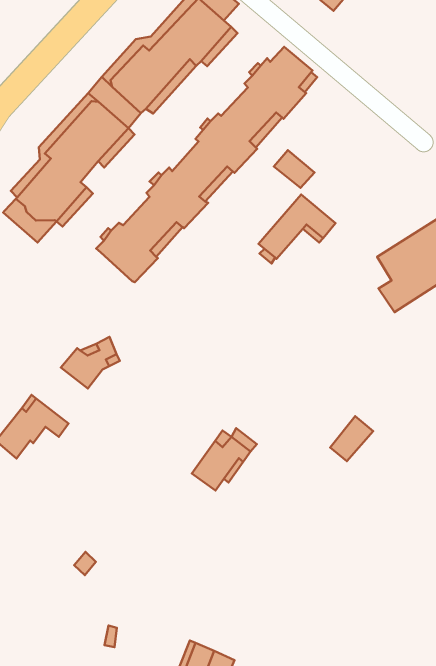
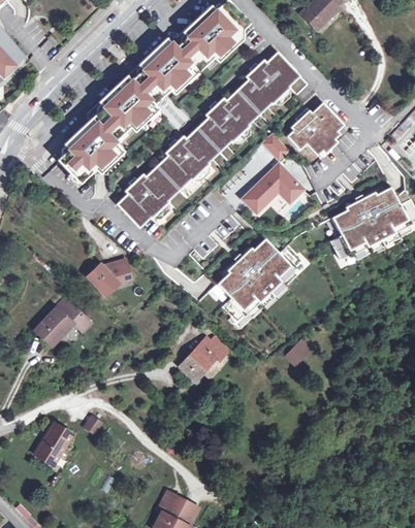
building: none -> [288,102,342,155]
building: none -> [115,195,148,228]
building: none -> [218,238,305,315]
building: none -> [34,423,72,464]

